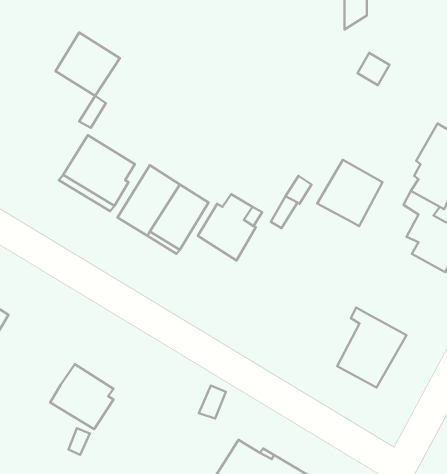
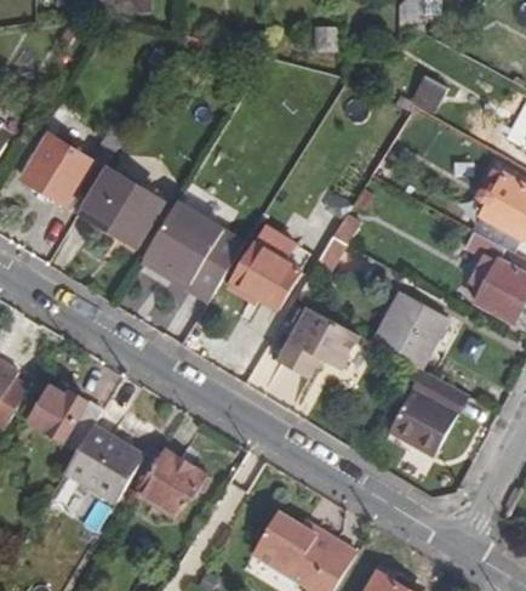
building: [56,33,120,96] -> [22,132,95,204]
building: [317,160,383,226] -> [372,291,446,366]
building: none -> [278,307,364,379]
building: none -> [29,387,101,449]
building: none -> [136,448,210,517]

